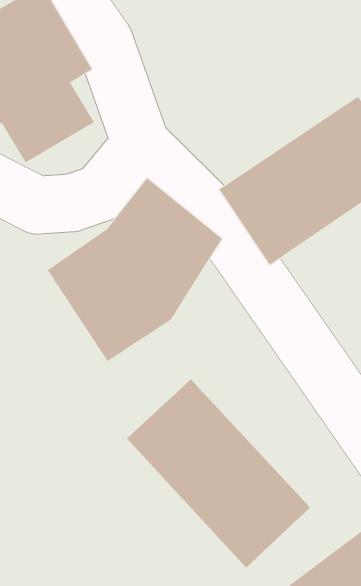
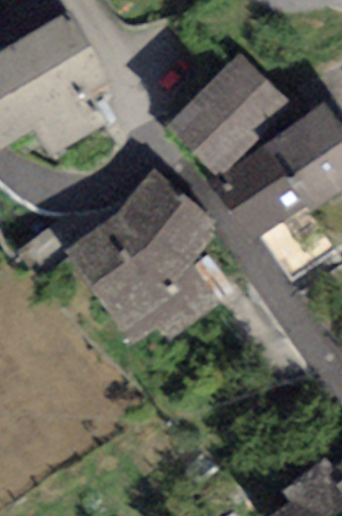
building: none -> [168,53,289,172]
building: [126,379,311,568] -> none

